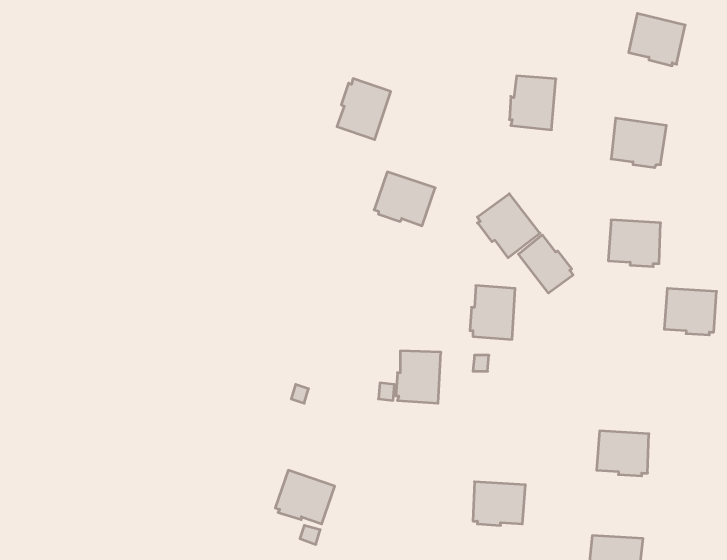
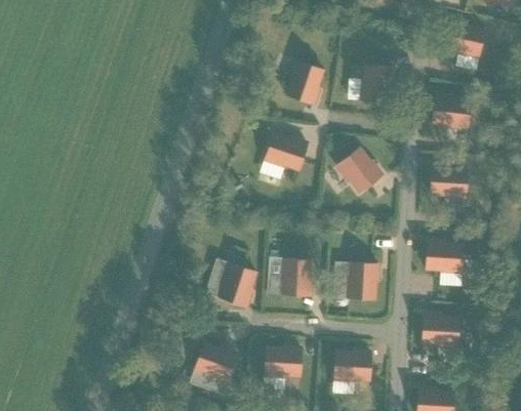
building: [337,79,391,140] -> [287,60,325,104]
building: [518,235,573,293] -> none
building: [470,286,515,339] -> [347,261,378,299]
building: [664,288,717,335] -> [427,241,464,274]
building: none -> [219,263,257,305]
building: none -> [266,346,303,377]

